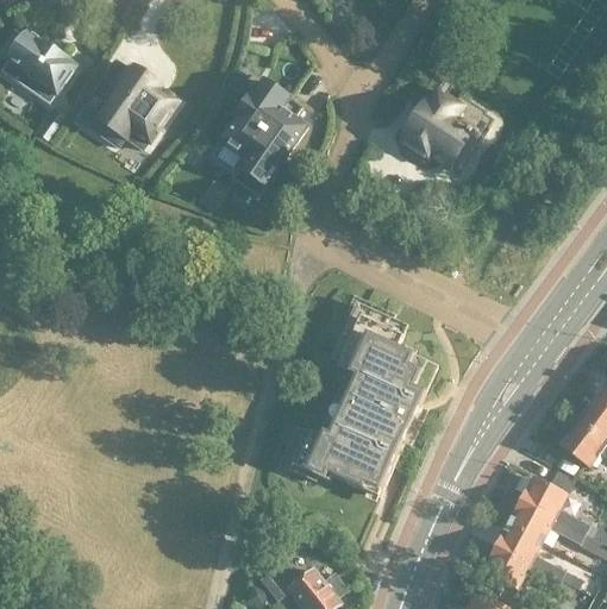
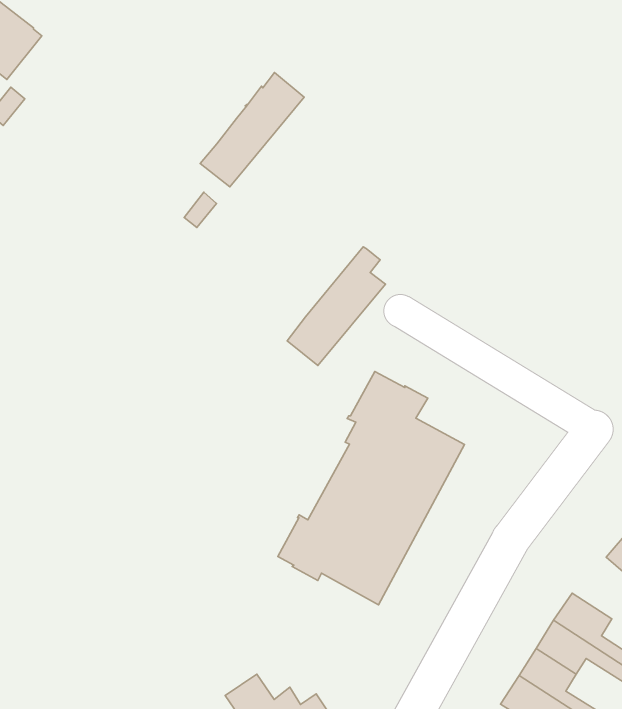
building: [90,65,175,149] -> none
building: [400,89,492,171] -> none
building: [232,98,307,195] -> [287,247,386,366]

